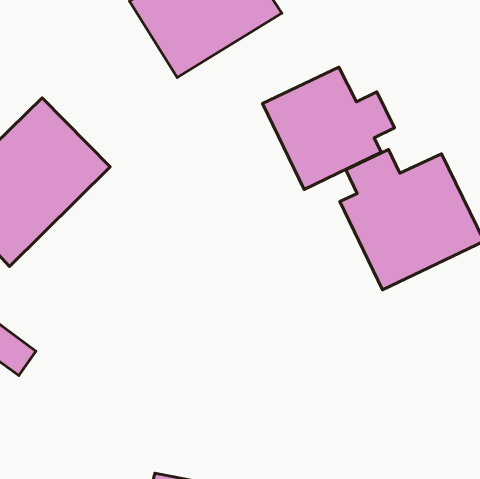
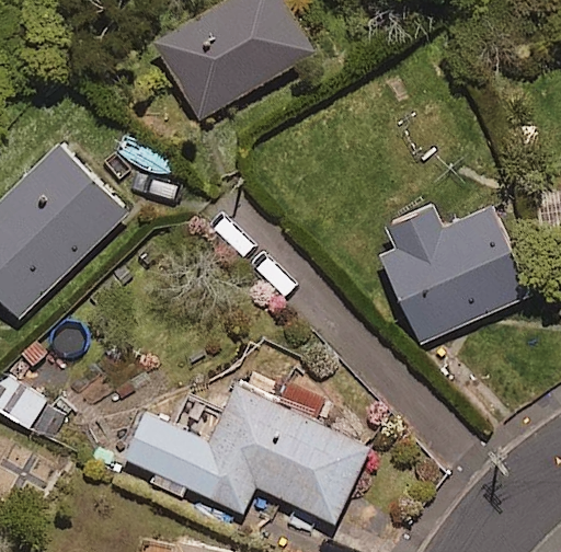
building: [262,67,394,189] -> none
building: none -> [118,378,369,524]

